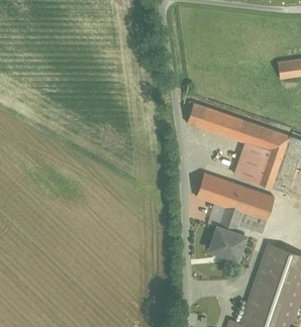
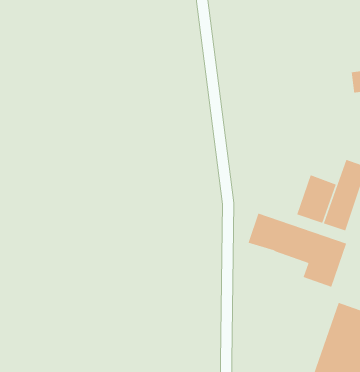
building: [187,103,274,150] -> none
building: [209,203,245,259] -> none

